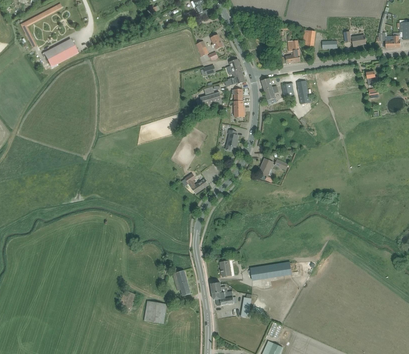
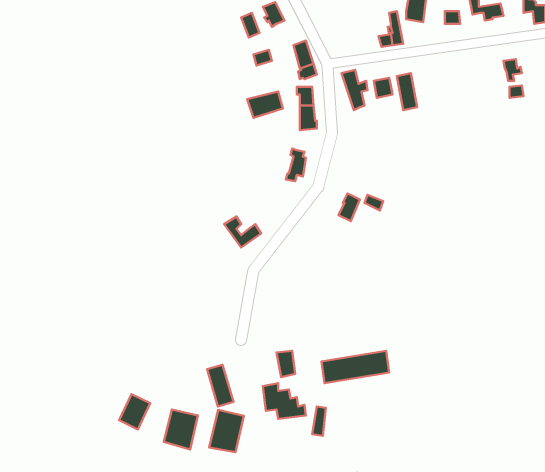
building: [43,38,77,66] -> none
building: none -> [209,410,244,452]

